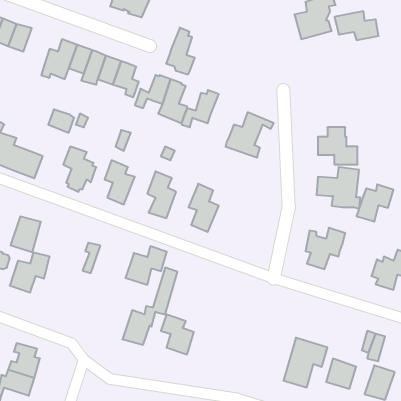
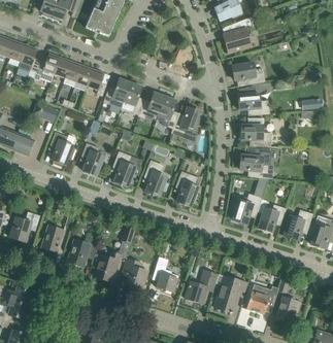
building: [335,11,379,40] -> [231,62,264,83]
building: [166,28,195,74] -> [156,93,177,128]
building: none -> [18,43,39,71]
building: none -> [237,93,269,114]
building: [356,184,394,222] -> [258,204,286,232]
building: none -> [175,171,197,206]
building: [11,216,41,252] -> [40,225,63,251]
building: [125,246,167,285] -> [67,236,98,265]
building: none -> [152,255,178,291]
building: none -> [181,270,218,301]

